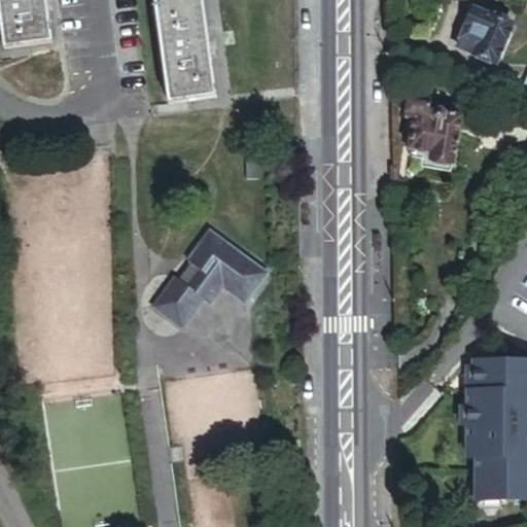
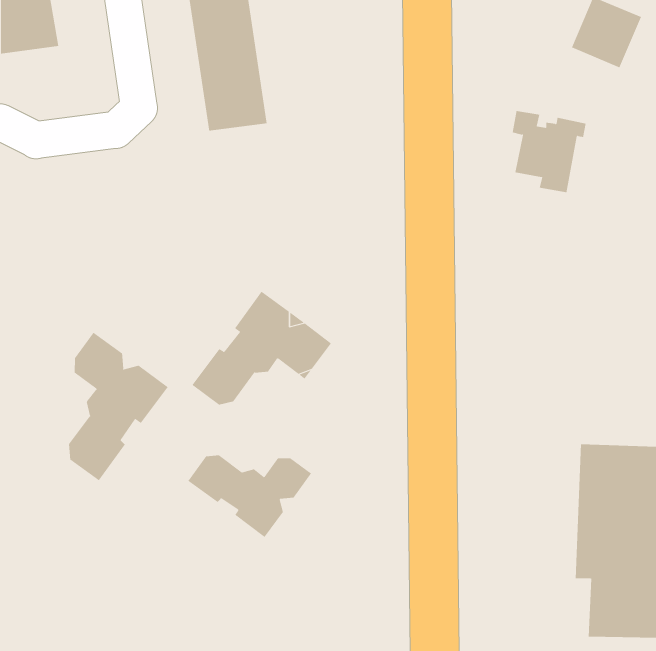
building: none -> [69,332,169,481]
building: none -> [188,455,312,538]

